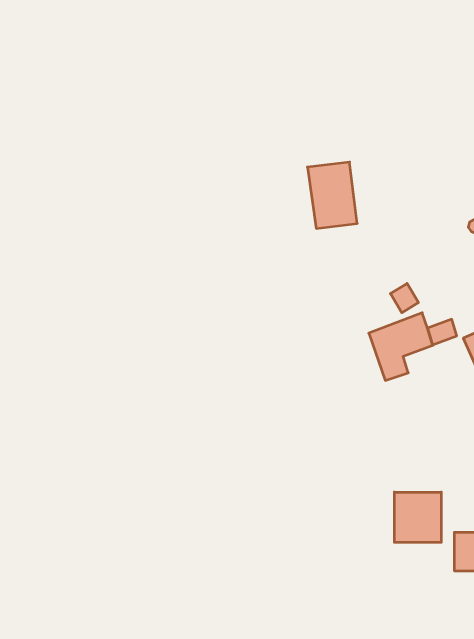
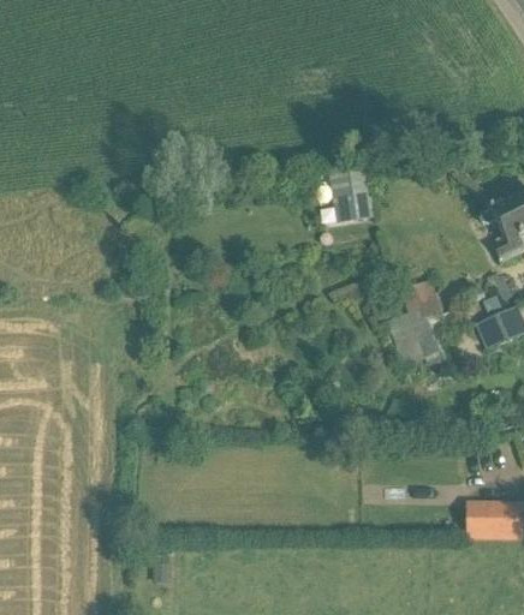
building: [394,492,441,542] -> none

